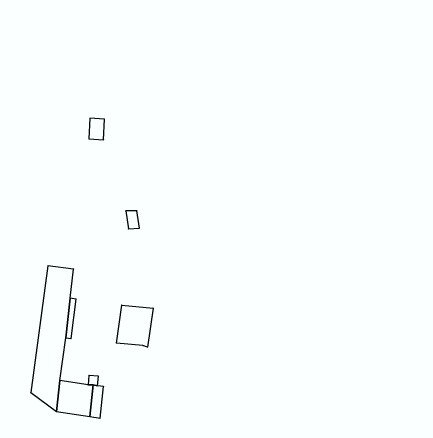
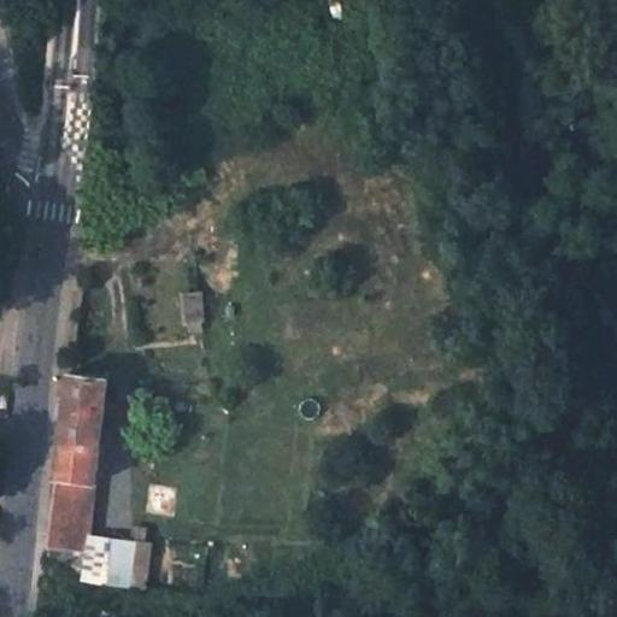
building: [116,305,153,347] -> none

